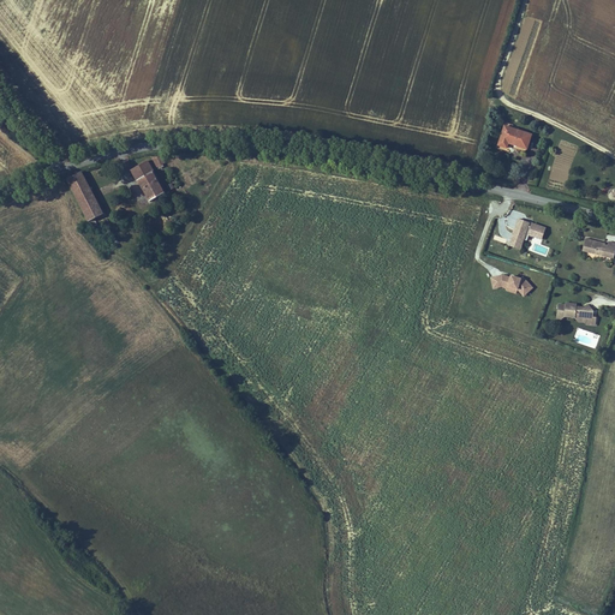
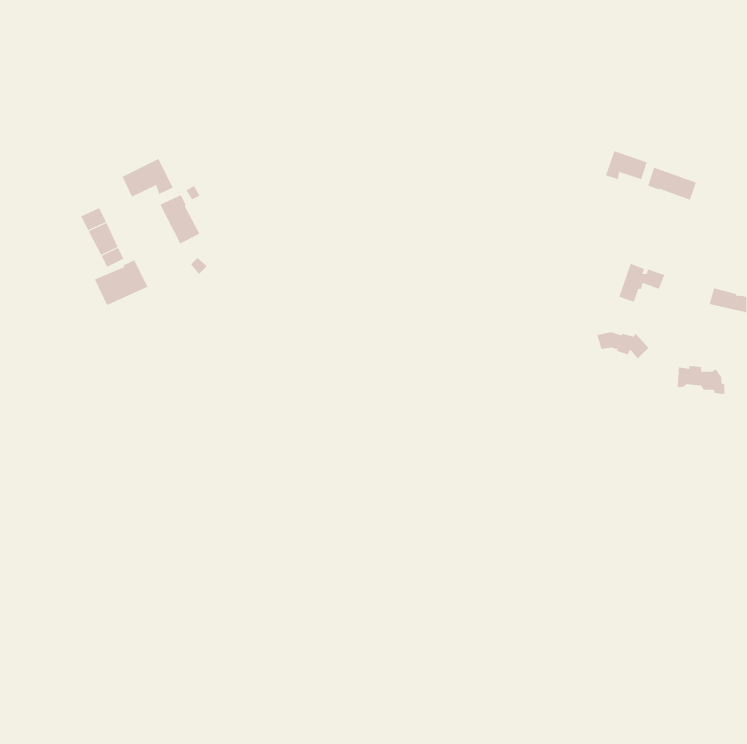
building: none -> [122,158,173,197]
building: none -> [648,167,696,200]
building: none -> [94,259,148,306]

